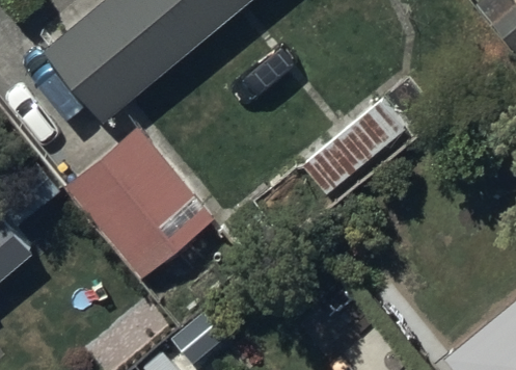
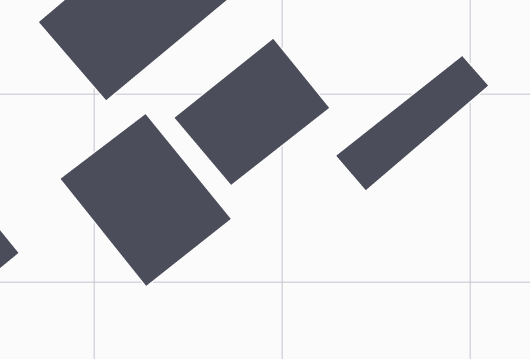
building: none -> [174,38,330,186]

